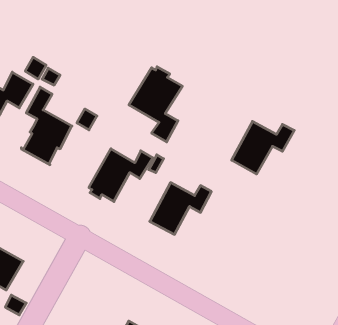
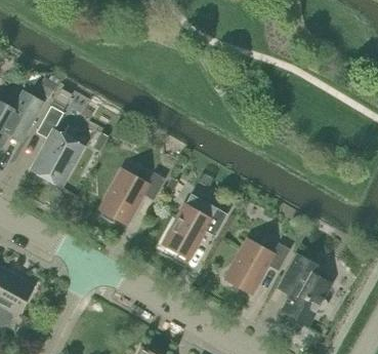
building: [129,67,182,142] -> none
building: [232,121,294,174] -> [225,239,290,293]
building: none -> [278,253,331,325]

